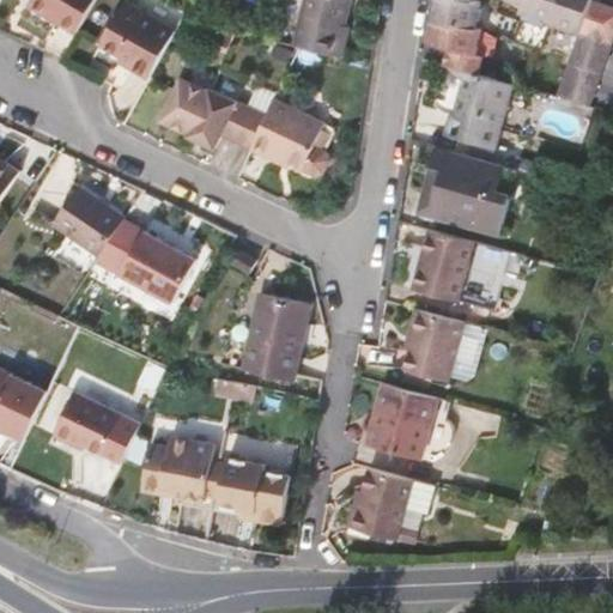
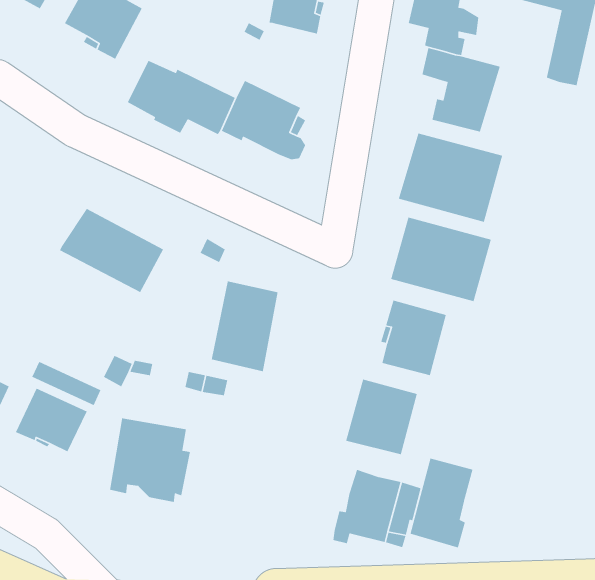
building: [50,189,122,257] -> none
building: [212,437,296,523] -> none
building: none -> [409,458,473,548]

